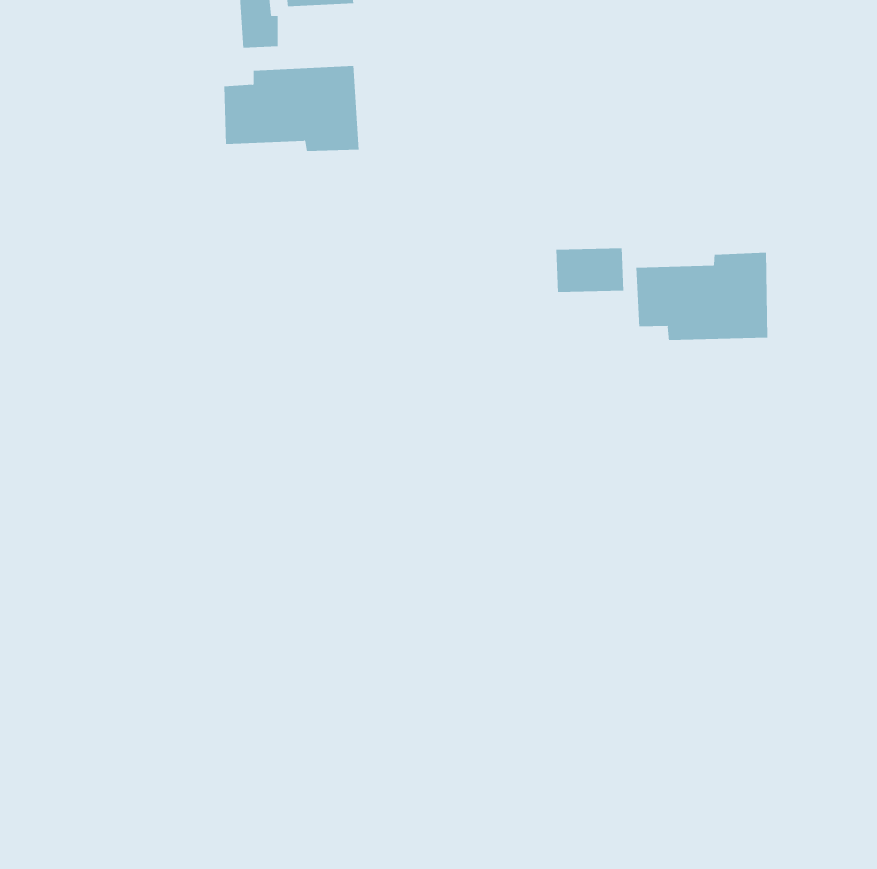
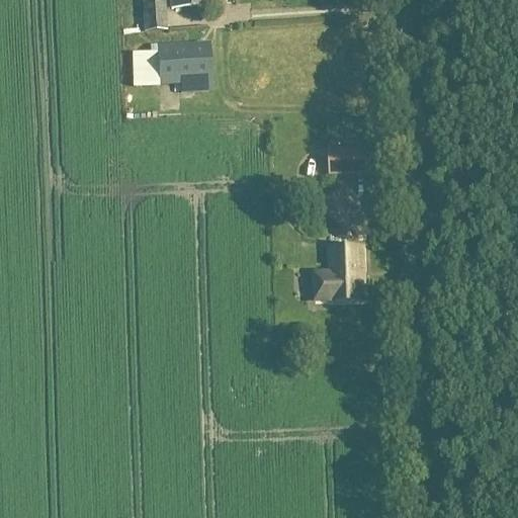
building: [636,252,768,341] -> none
building: none -> [313,244,364,298]

